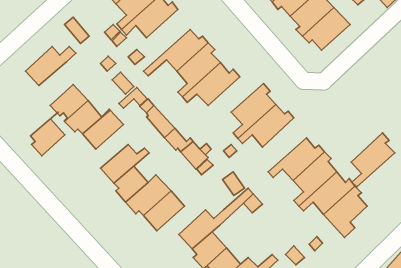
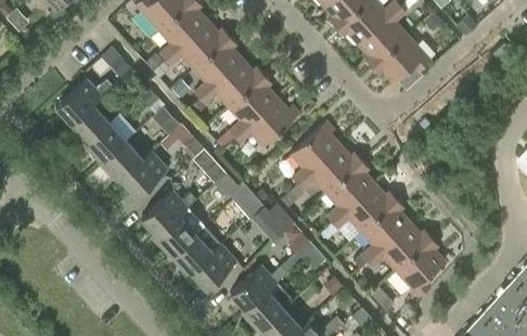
building: none -> [193,37,243,99]
building: [30,112,65,156] -> [70,96,110,146]
building: [351,133,395,187] -> [325,160,375,222]

